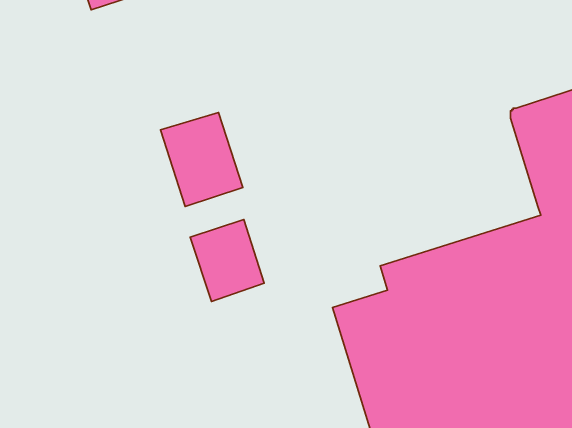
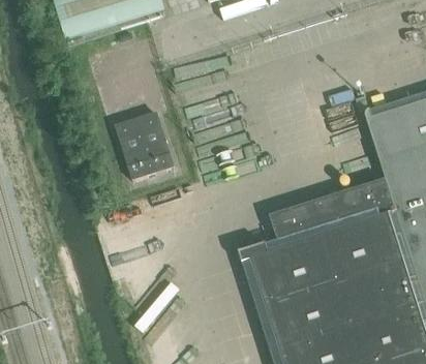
building: [190,220,264,302] -> none

